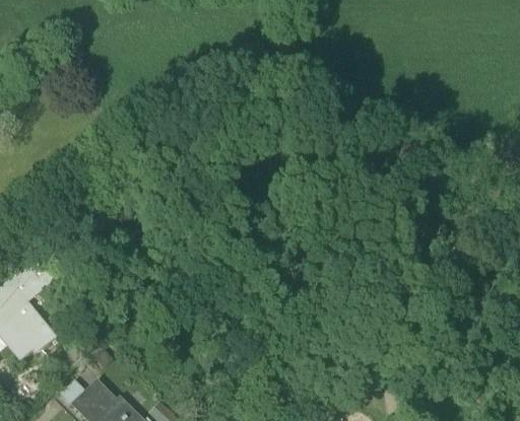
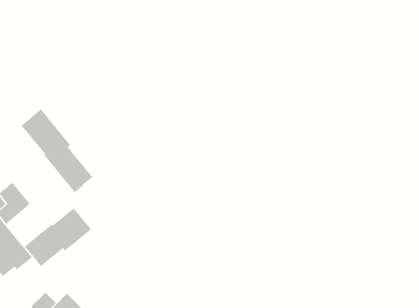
building: none -> [21,109,93,193]
building: none -> [24,208,92,267]

